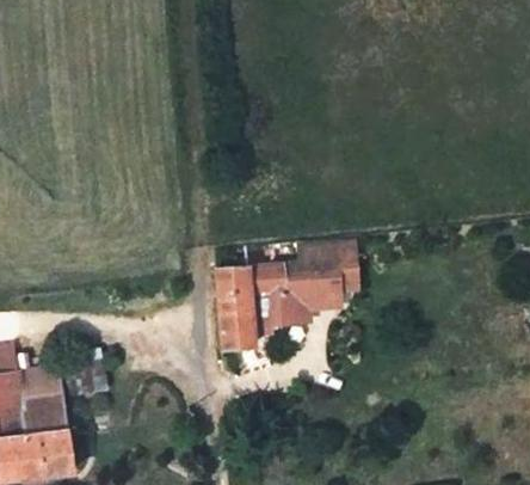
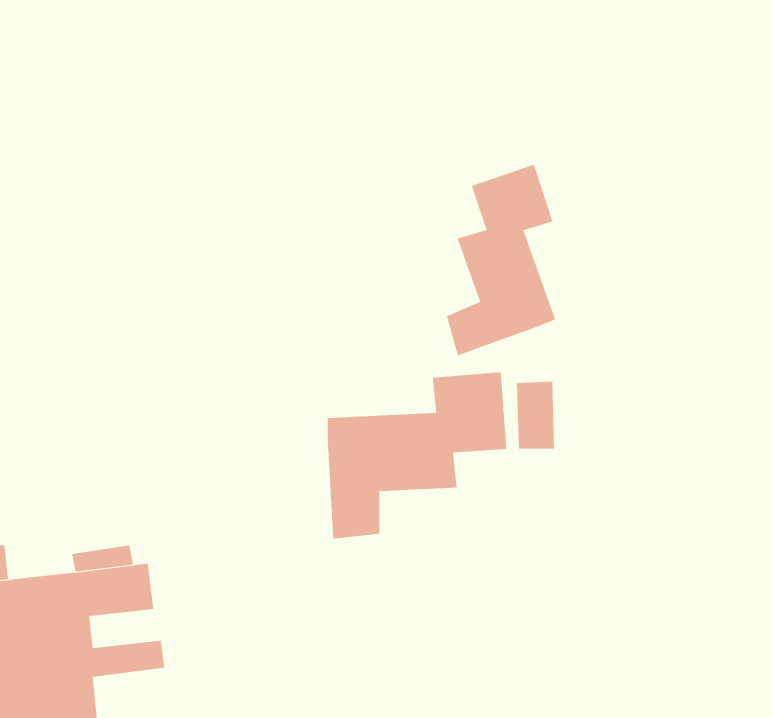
building: none -> [446,164,556,356]

